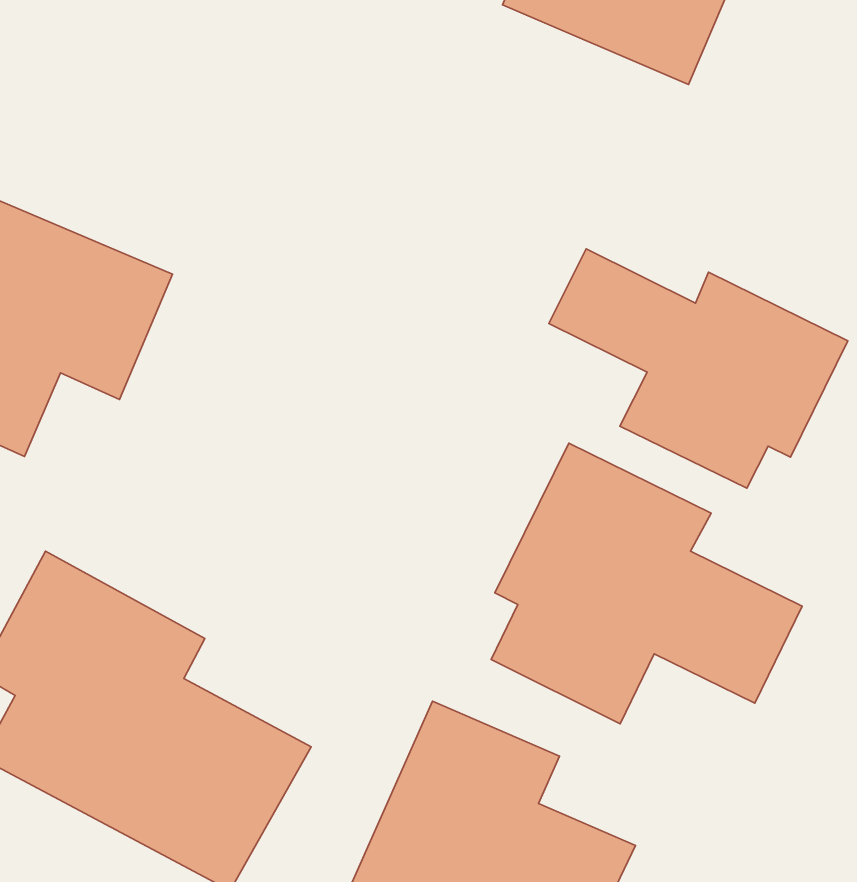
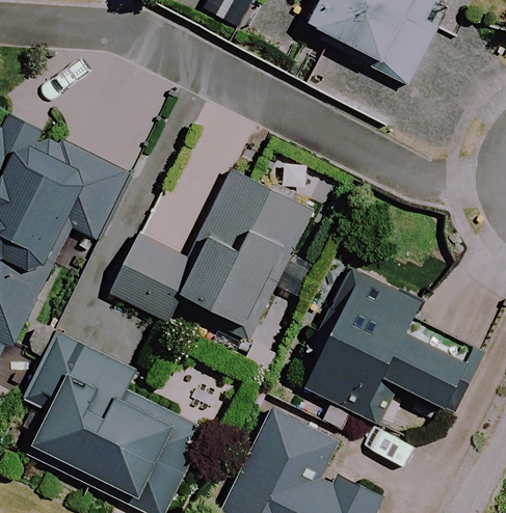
building: [549,249,848,488] -> none
building: none -> [108,172,312,332]

